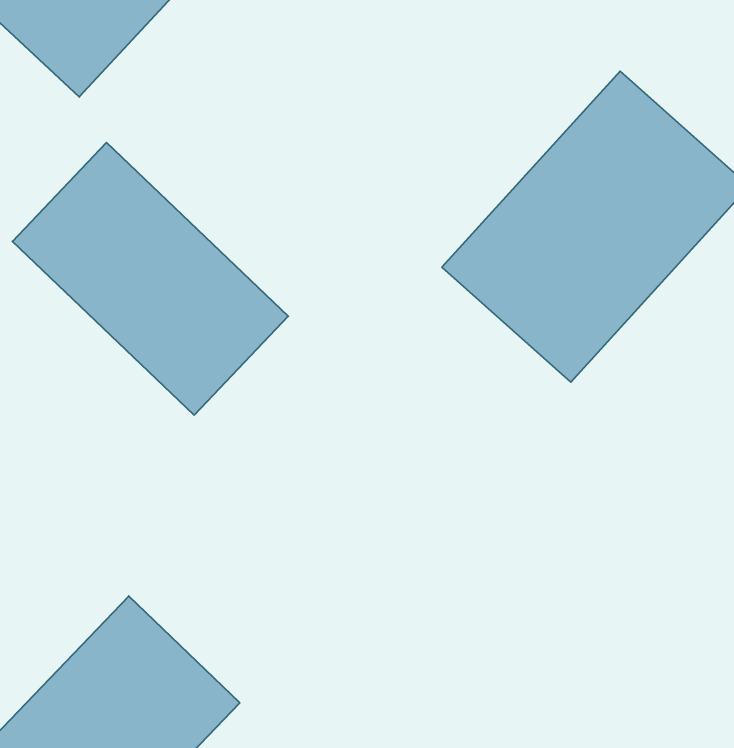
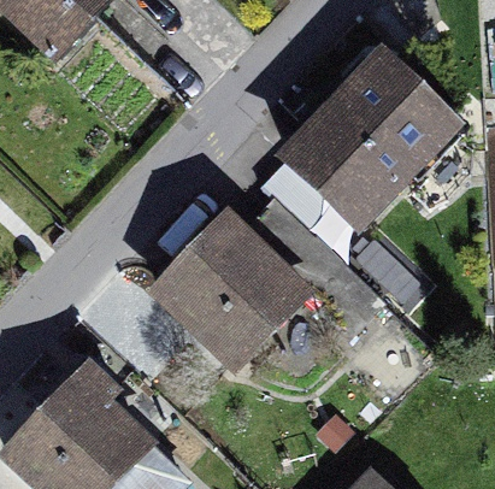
building: [12,143,288,415] -> none
building: none -> [147,210,312,373]

